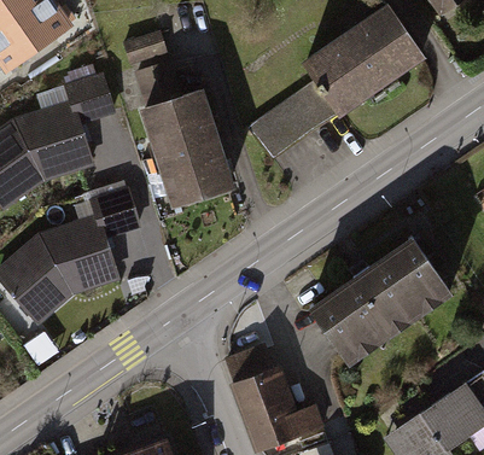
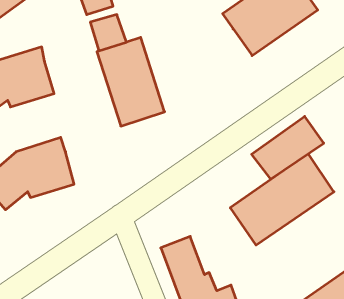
building: [69,76,112,122] -> none
building: [250,81,342,161] -> [252,116,324,179]
building: [92,182,136,237] -> none

